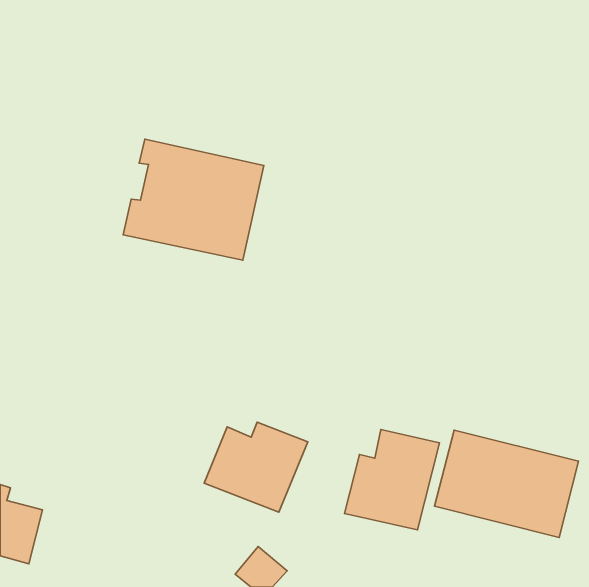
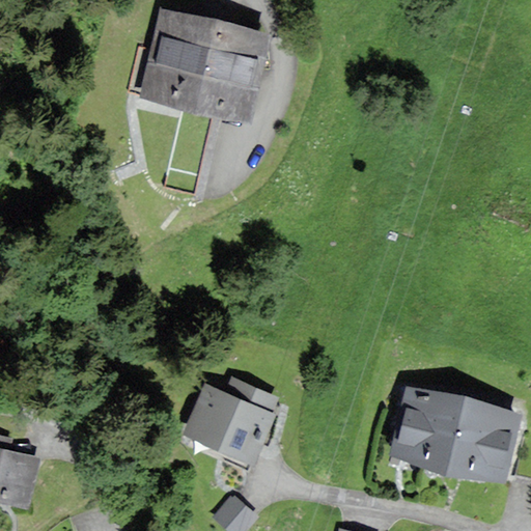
building: [123,139,264,260] -> [141,11,268,120]
building: [345,430,439,530] -> none

